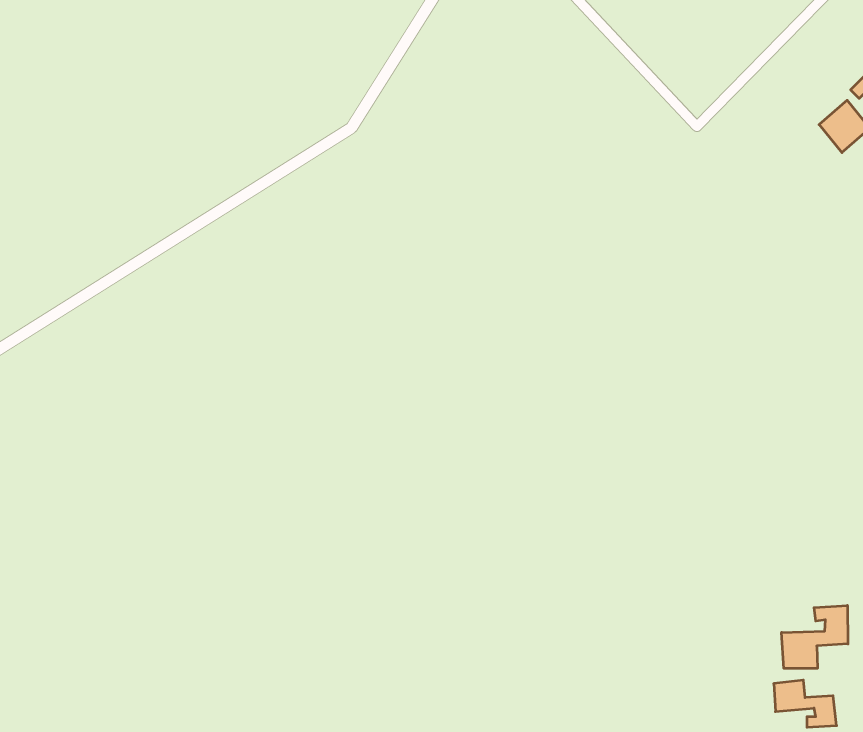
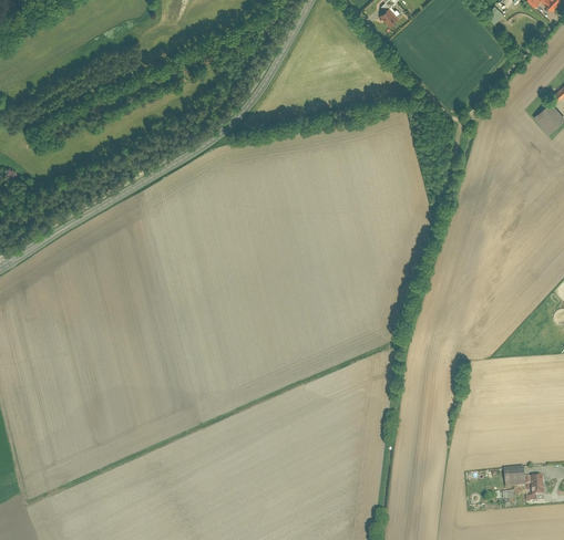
building: [782,605,848,668] -> none

